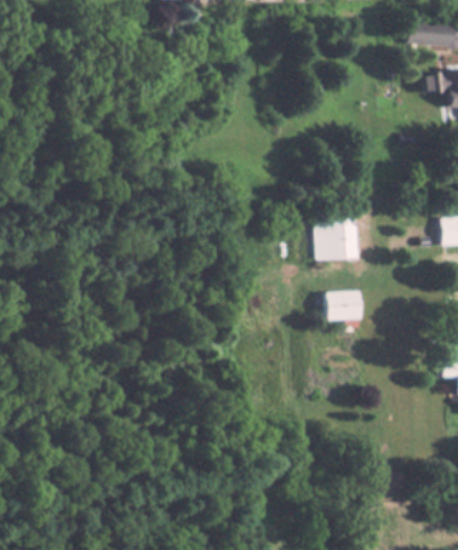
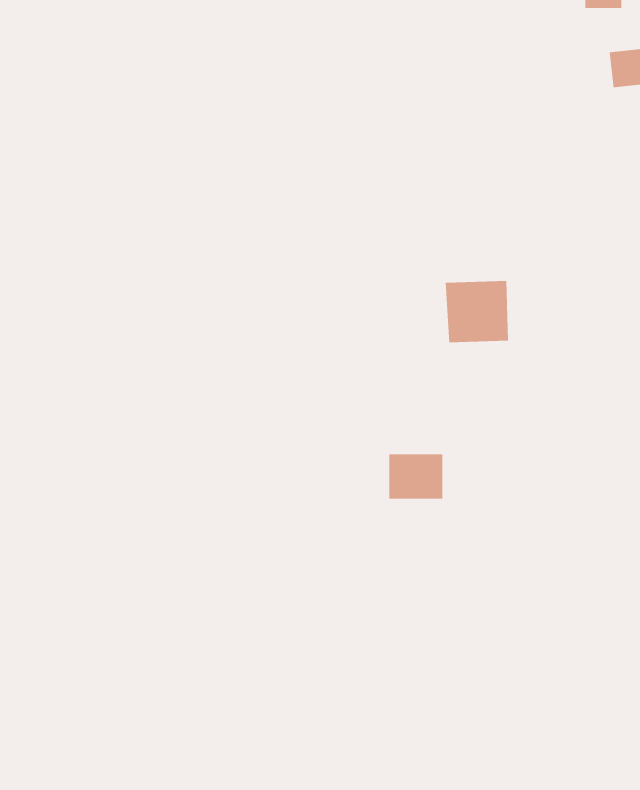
building: [326,291,361,320] -> [388,454,443,499]

